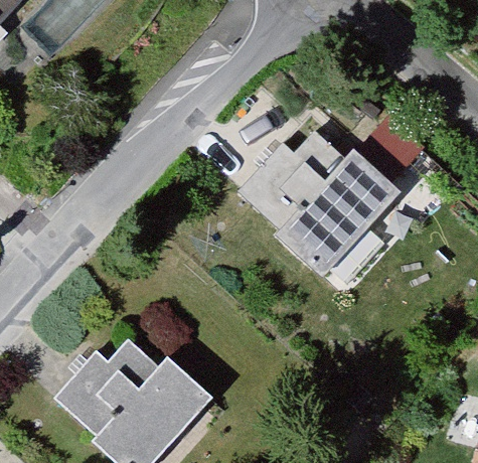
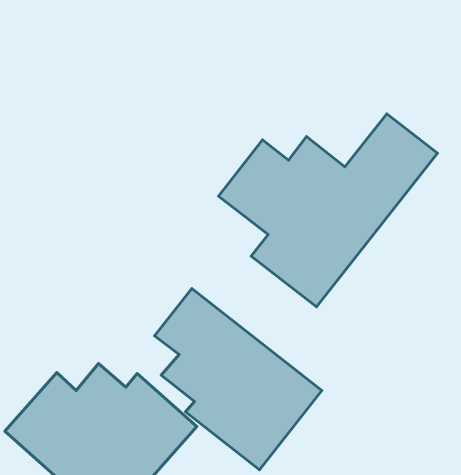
building: none -> [154,289,322,470]

